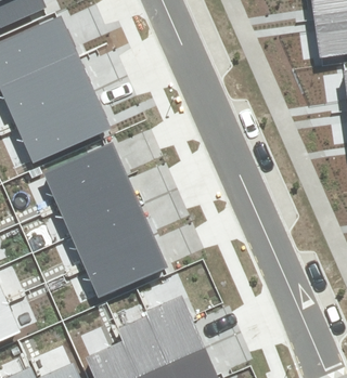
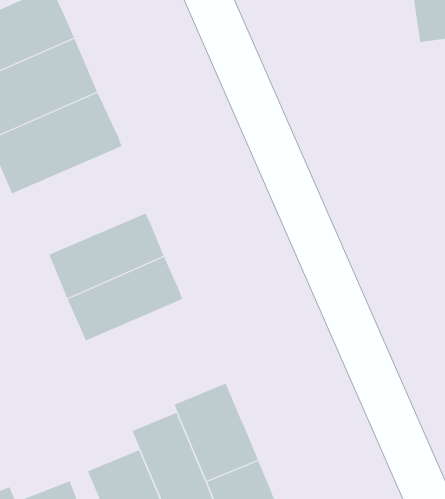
building: [43,143,127,205] -> none
building: [85,236,167,298] -> none

